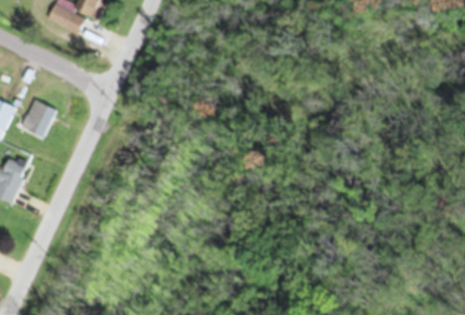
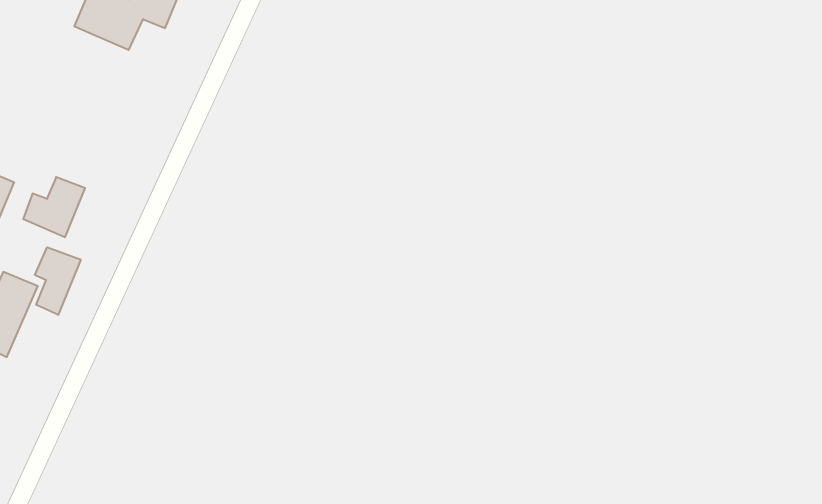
building: none -> [35,247,81,315]

